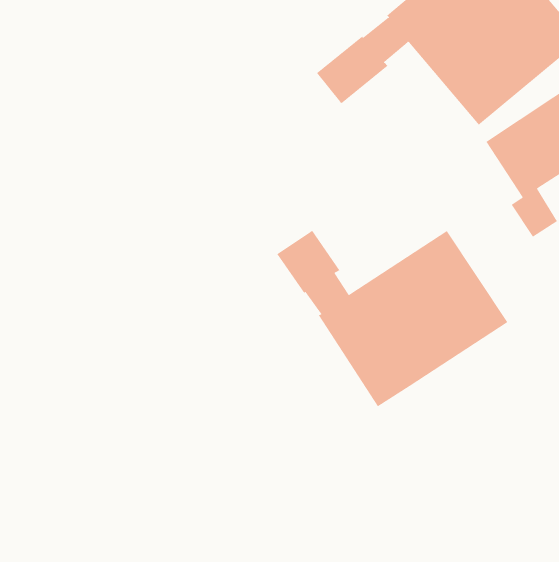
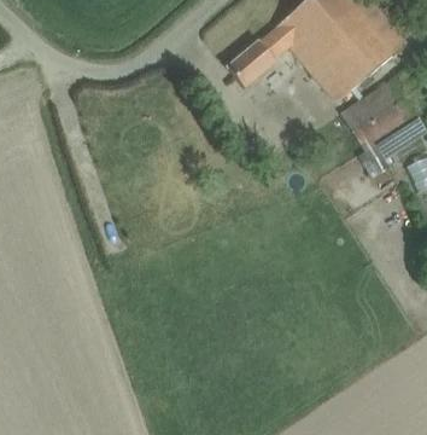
building: [277,230,508,407] -> none

